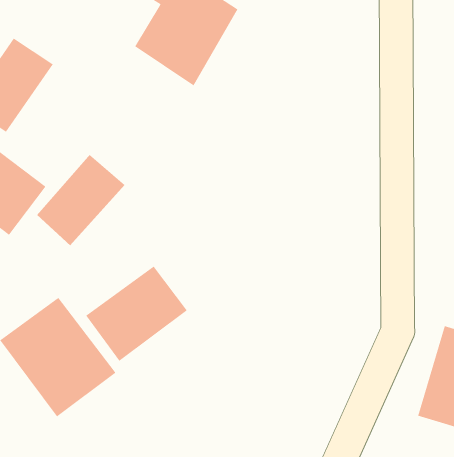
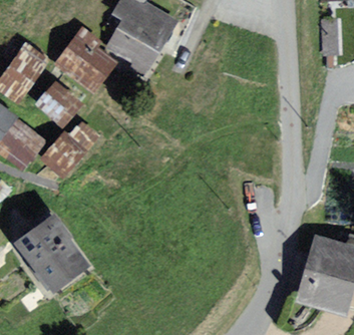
building: none -> [55,32,115,91]
building: none -> [33,81,82,128]
building: [85,266,188,362] -> none

